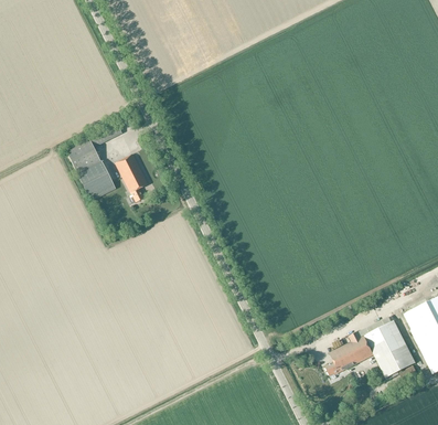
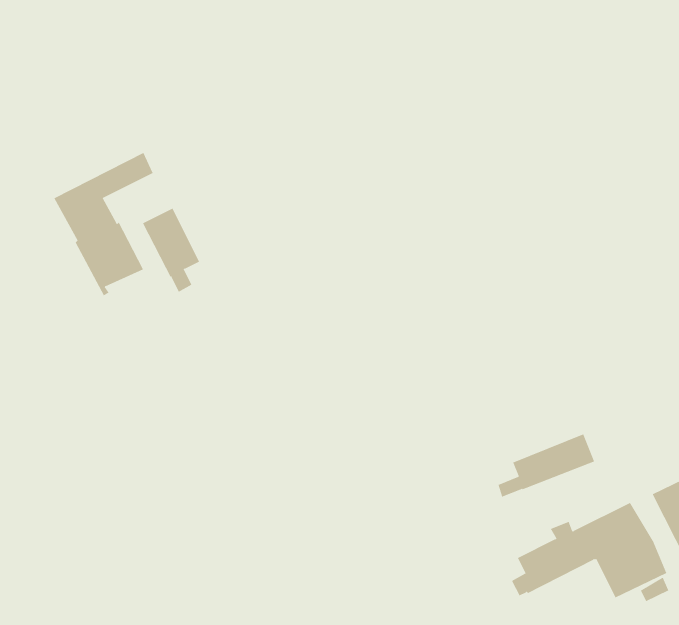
building: none -> [498,434,595,497]

